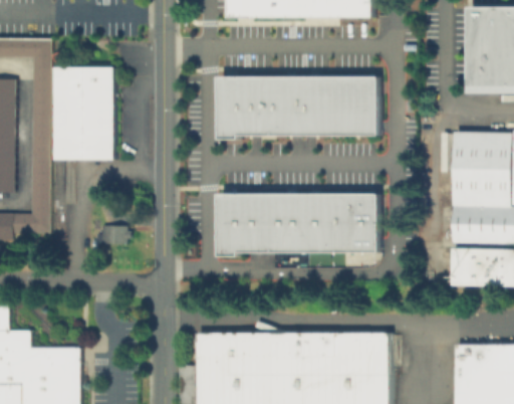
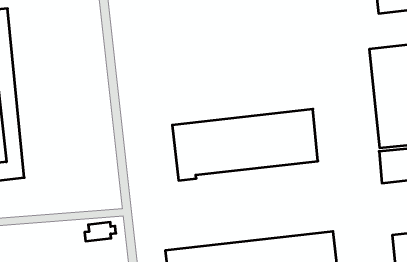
building: [53,67,112,159] -> none
building: [220,74,380,137] -> none
building: [93,225,128,243] -> [85,222,116,241]

